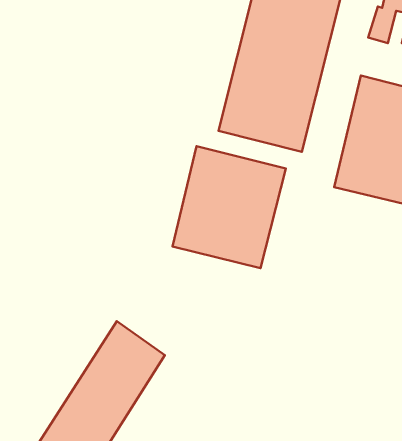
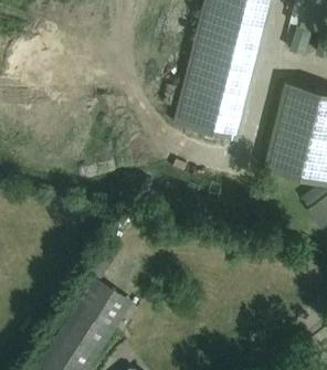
building: [172,146,286,268] -> none

